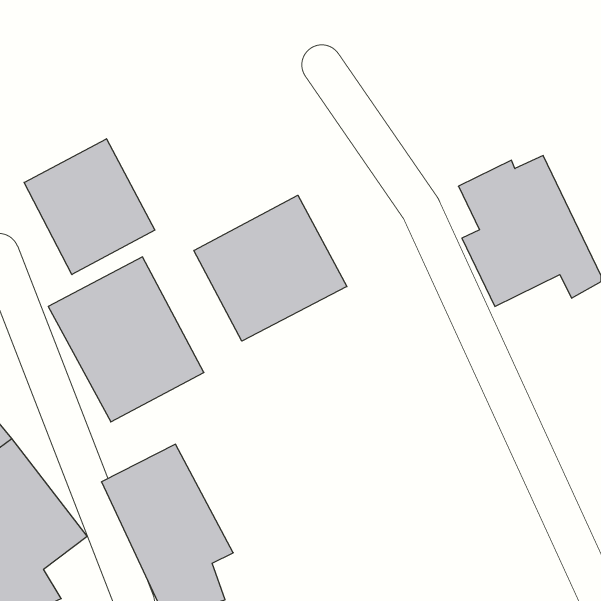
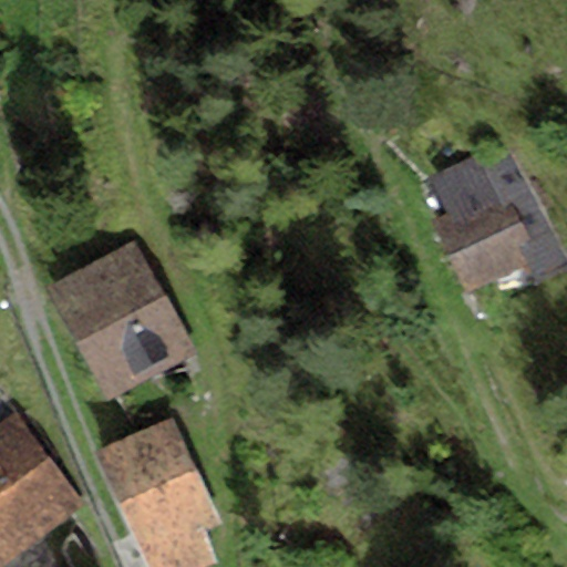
building: [24,139,155,275] -> none
building: [194,195,347,341] -> none

